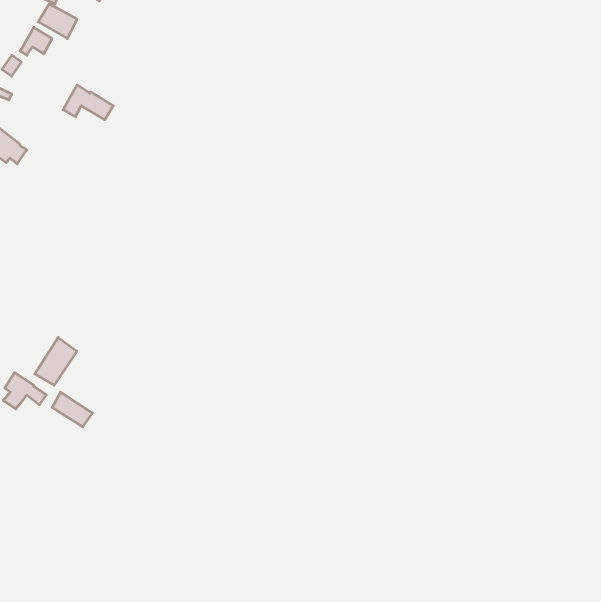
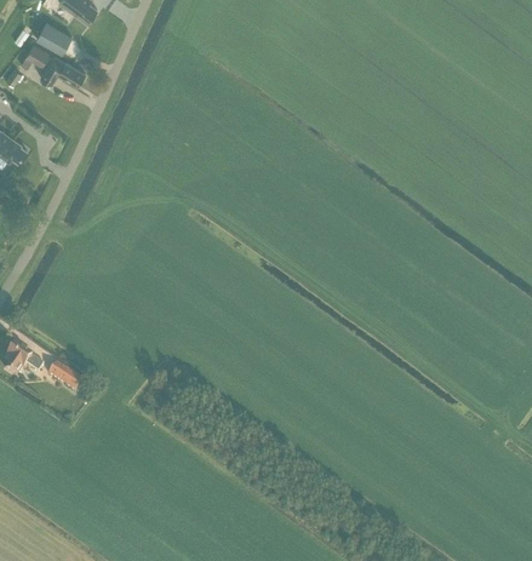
building: [63,85,113,120] -> [41,56,85,86]
building: [35,337,77,385] -> none

